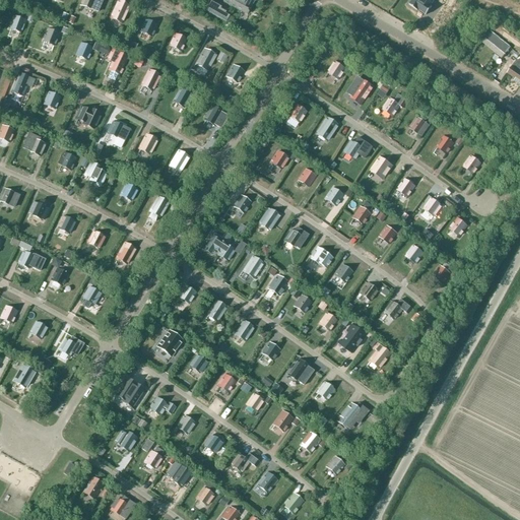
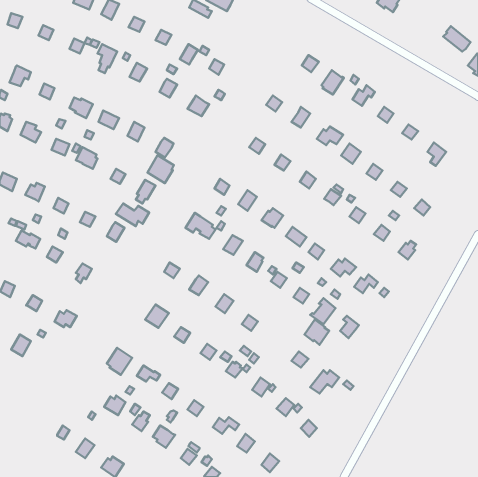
building: none -> [147,155,174,183]
building: none -> [116,204,149,226]
building: [286,356,313,384] -> [305,320,329,345]

